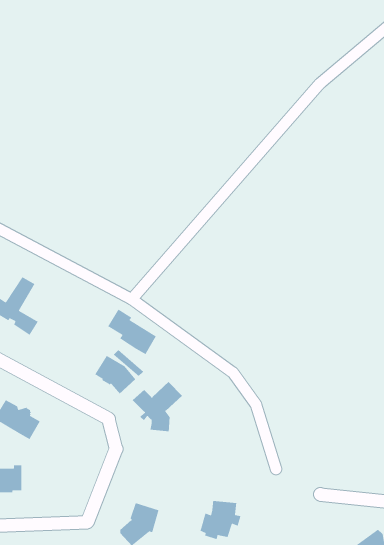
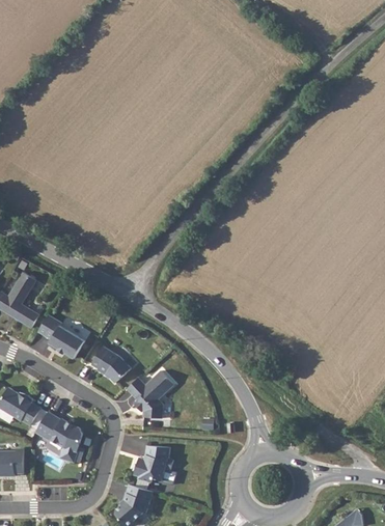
building: [107,309,157,355] -> [37,314,84,358]
building: none -> [35,412,82,461]
building: [199,500,241,540] -> [134,445,173,482]

